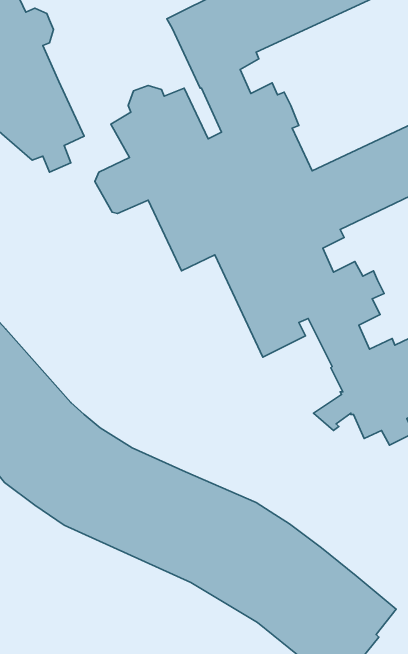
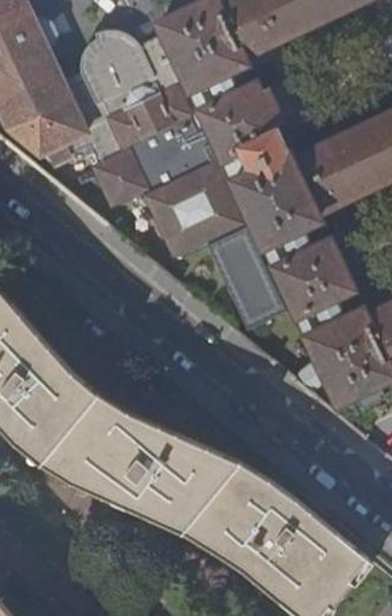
building: none -> [63,30,209,164]

